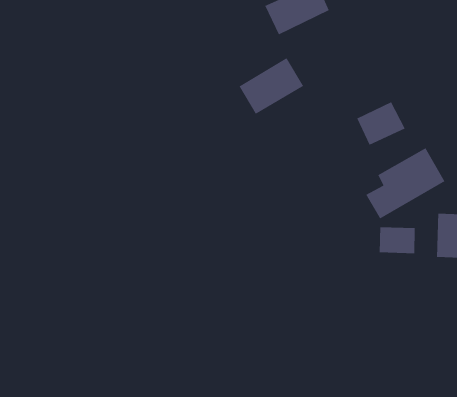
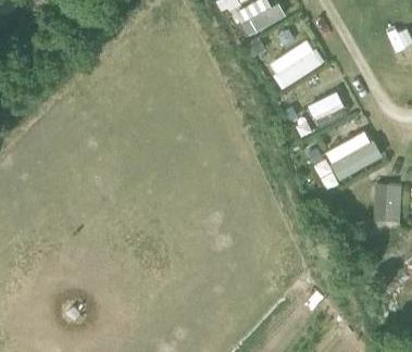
building: [238,57,304,115] -> [267,40,322,88]
building: [379,226,416,254] -> none

